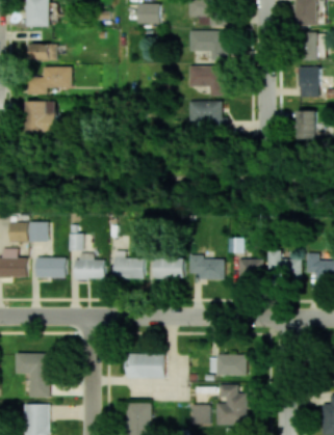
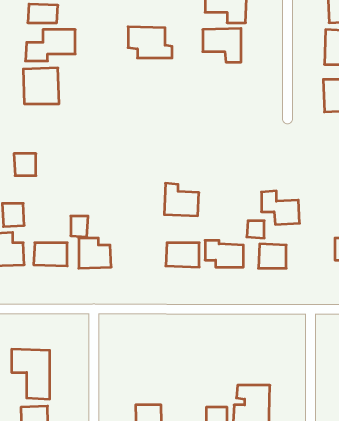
building: [187,101,227,129] -> [128,27,172,58]
building: [28,222,48,242] -> [14,154,36,176]
building: [113,250,145,279] -> [164,183,199,216]
building: [266,250,301,280] -> [261,191,300,224]
building: [126,354,164,379] -> none
building: [209,355,246,375] -> none

